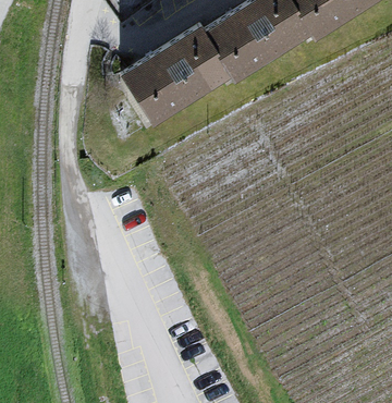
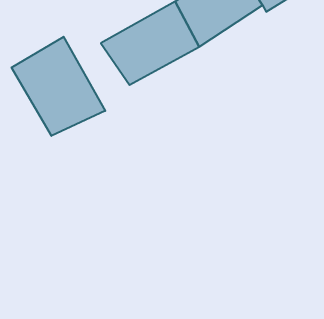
building: none -> [12,37,105,136]

